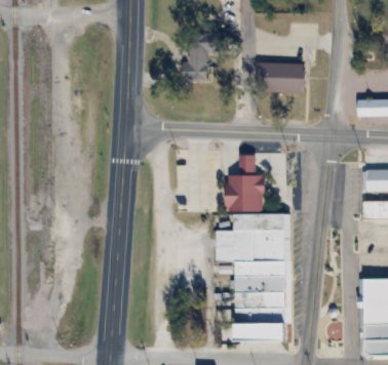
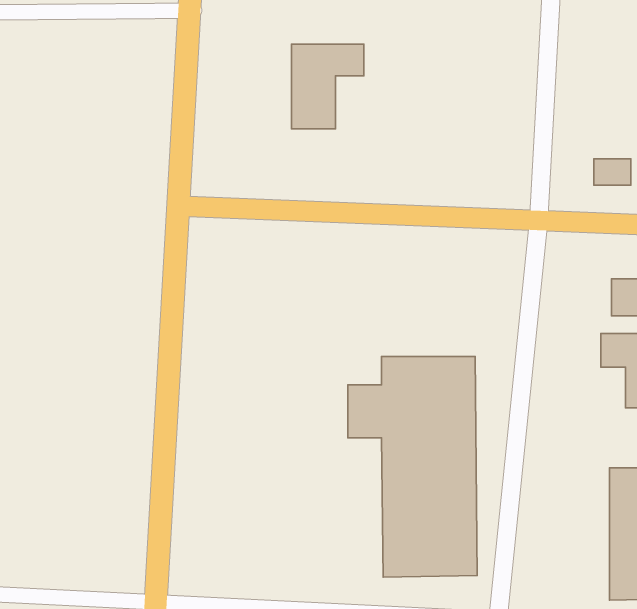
building: [256,64,305,93] -> none
building: [226,154,265,212] -> none

